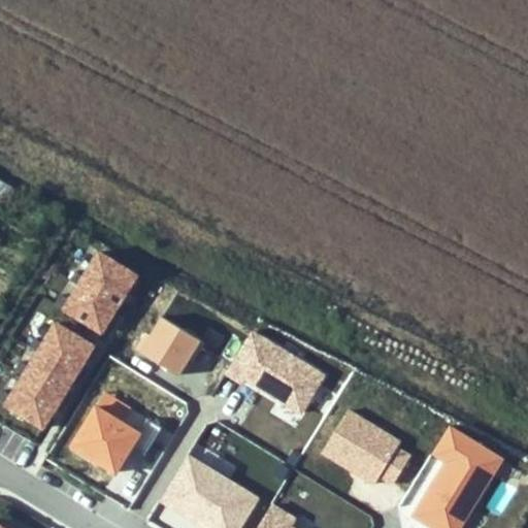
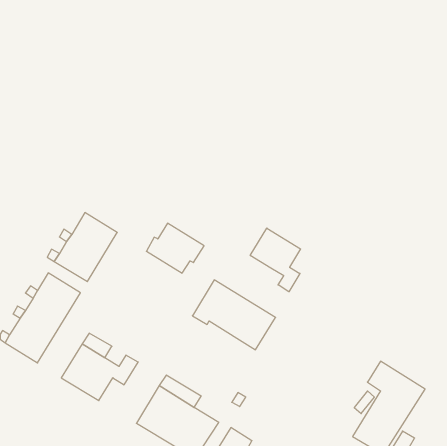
building: none -> [250,228,301,292]
building: [137,317,205,375] -> [146,223,204,273]
building: [323,410,410,485] -> none

